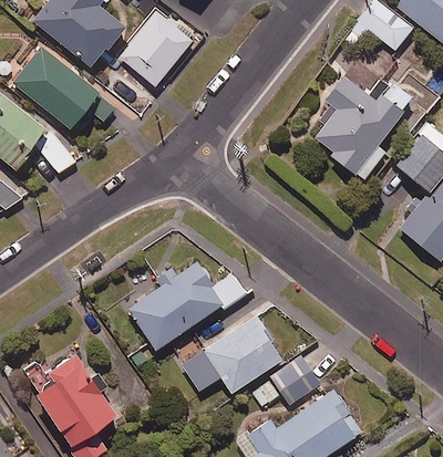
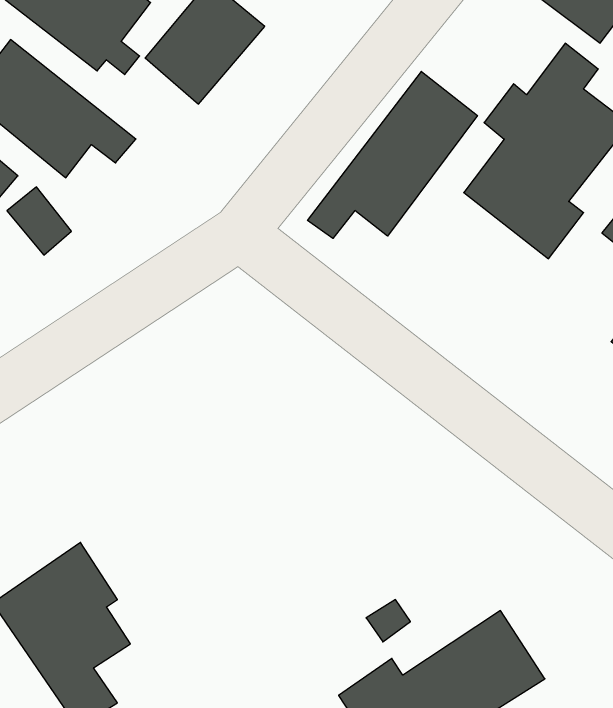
building: none -> [308,71,477,238]
building: [130,263,247,350] -> none
building: [182,318,281,393] -> none
building: [275,359,320,405] -> none

